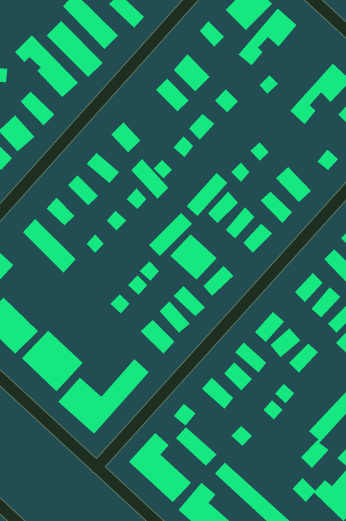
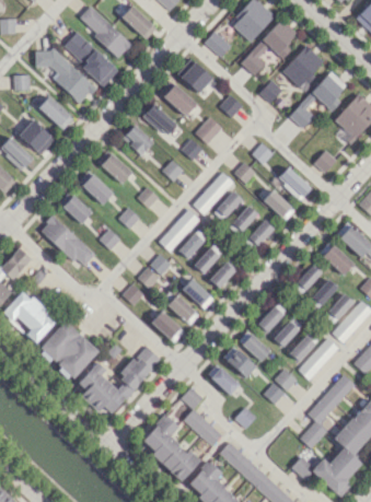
building: none -> [282,46,323,87]
building: [130,158,169,199] -> [144,104,181,142]
building: none -> [299,337,338,381]

